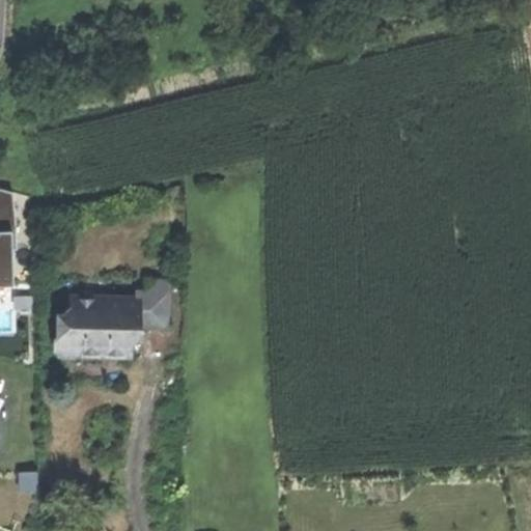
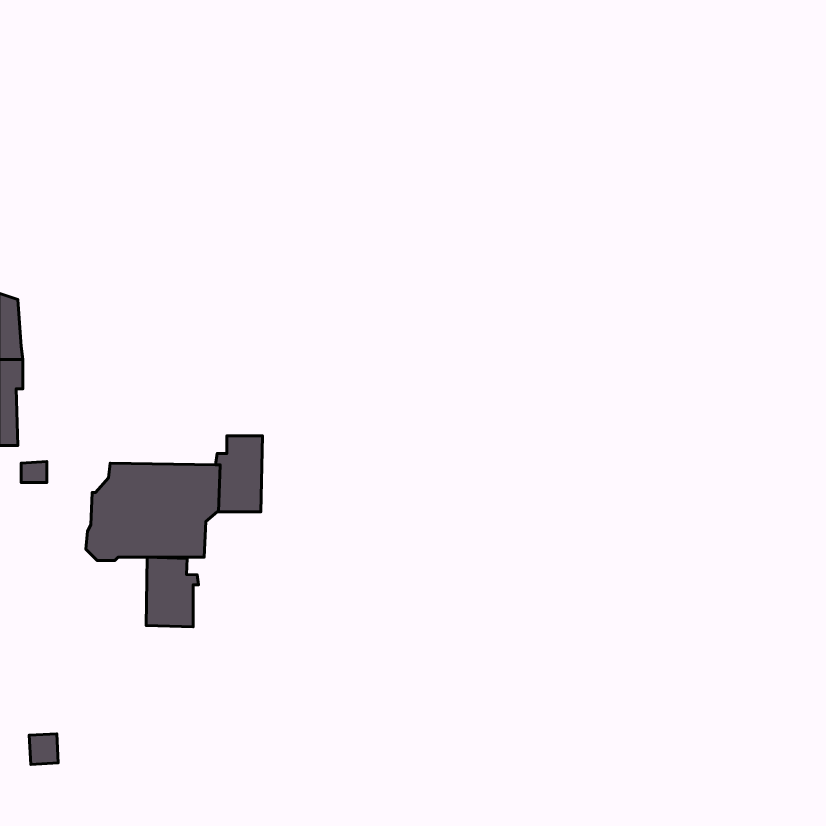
building: none -> [146,557,199,627]

